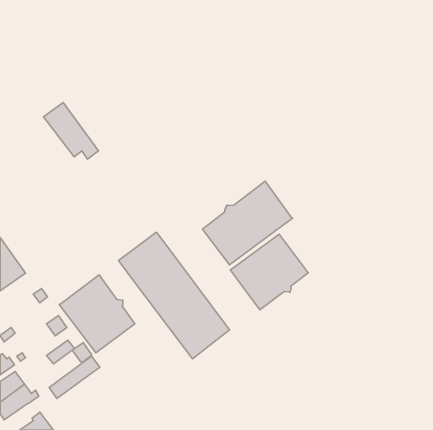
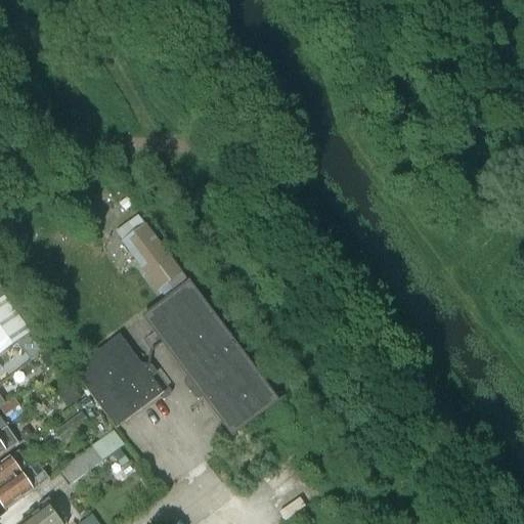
building: [44,102,99,159] -> [122,222,188,291]
building: [202,181,293,265] -> none
building: [230,234,308,310] -> none

